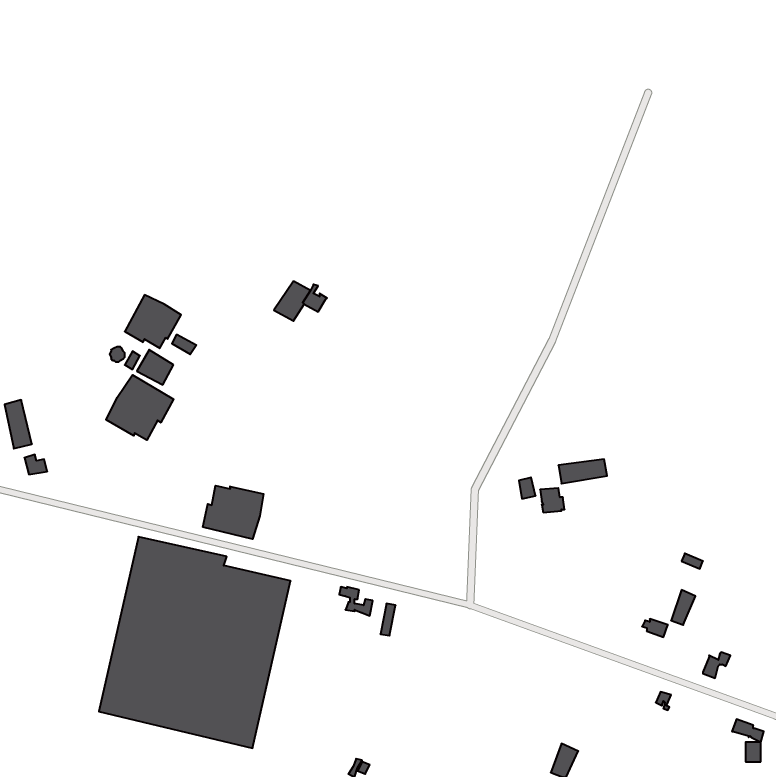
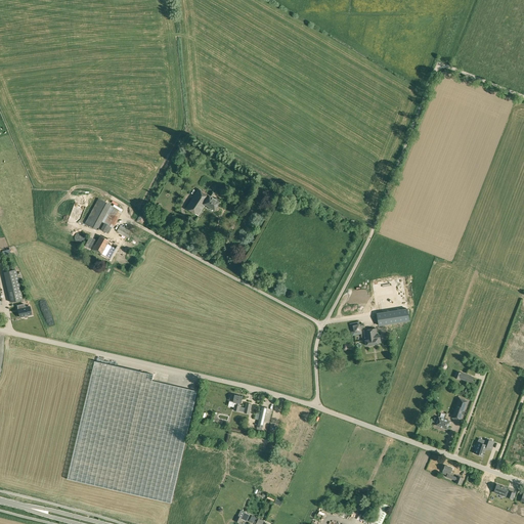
building: [106,375,174,440] -> none
building: [203,486,264,539] -> none

